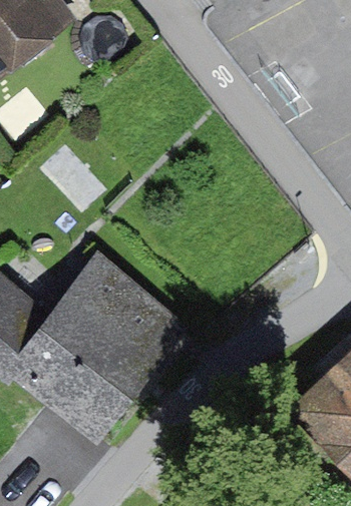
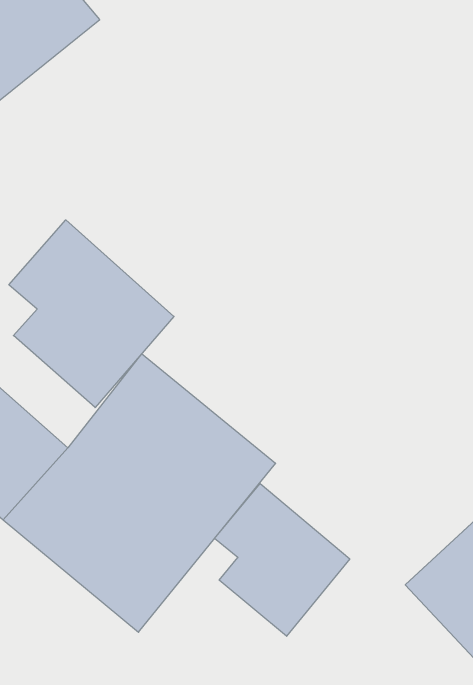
building: none -> [9,220,174,408]
building: none -> [215,483,350,636]

